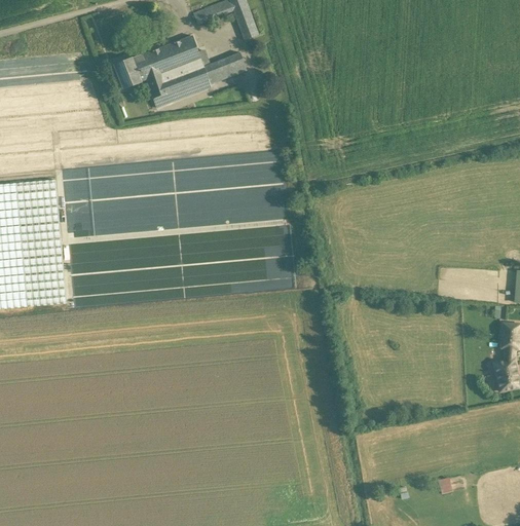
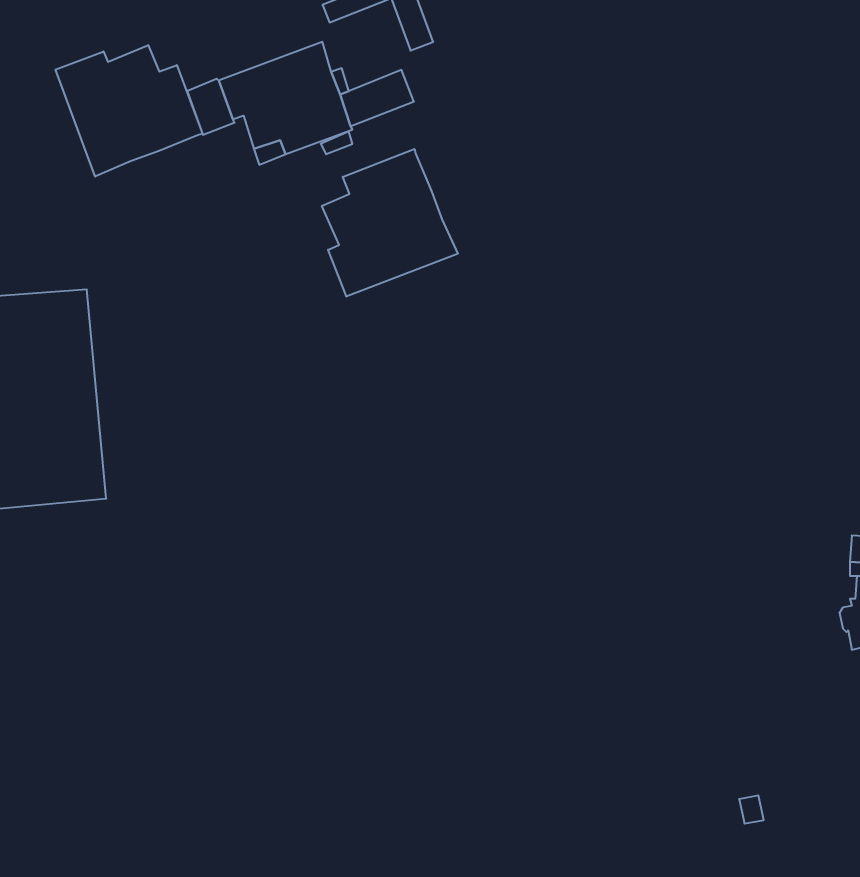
building: none -> [56,45,203,177]
building: none -> [322,149,458,297]

